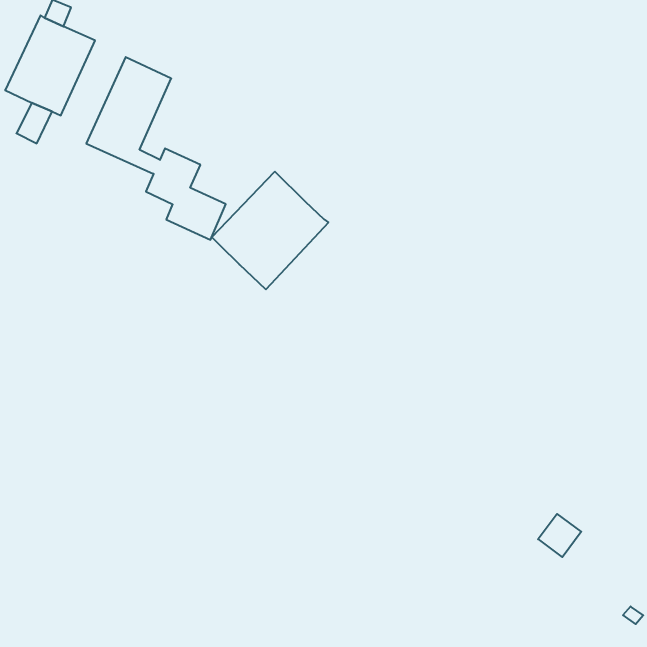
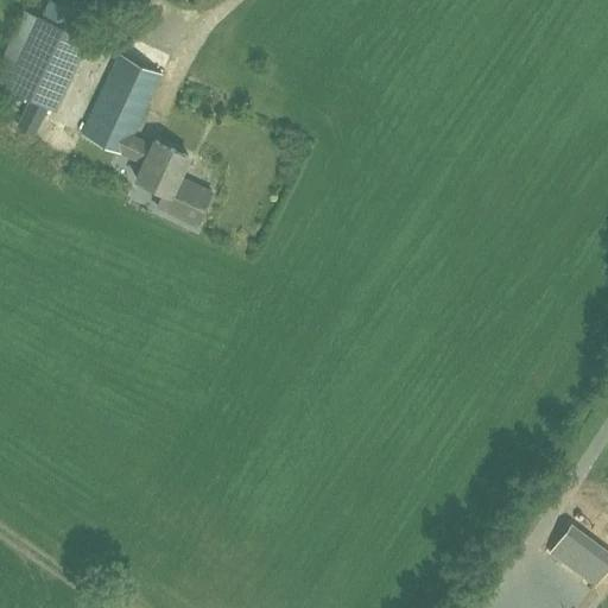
building: [212,172,328,289] -> none
building: [538,514,581,557] -> [550,528,590,569]

